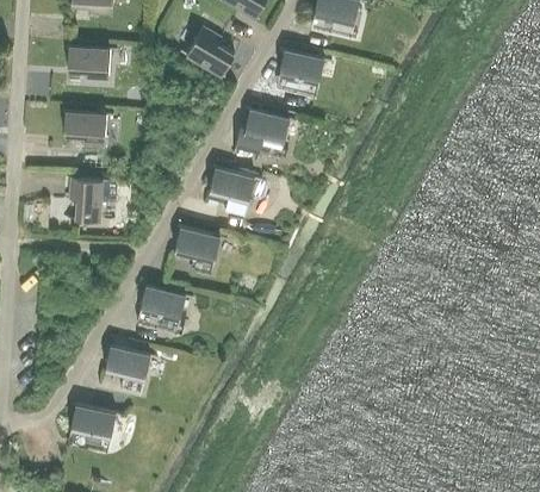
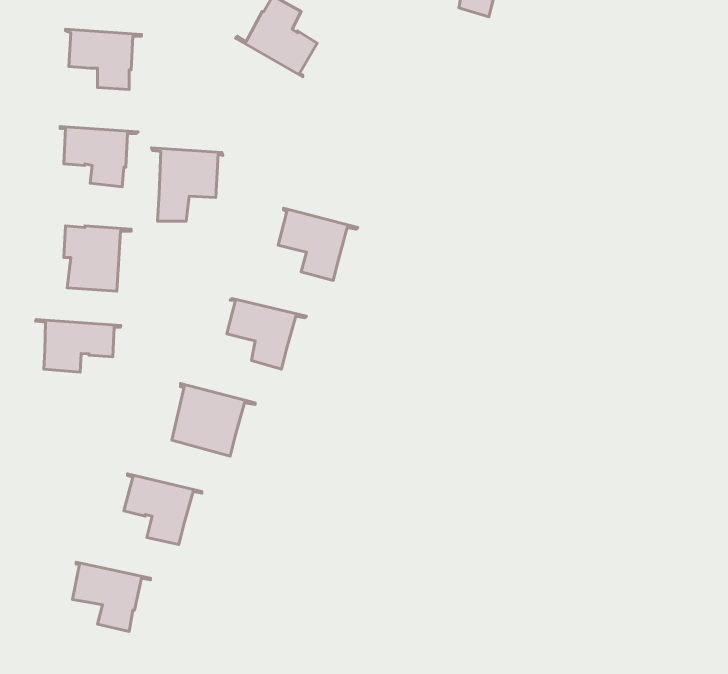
building: [279,49,331,95] -> none
building: [236,107,297,155] -> none
building: none -> [151,148,223,221]
building: none -> [36,320,121,372]

